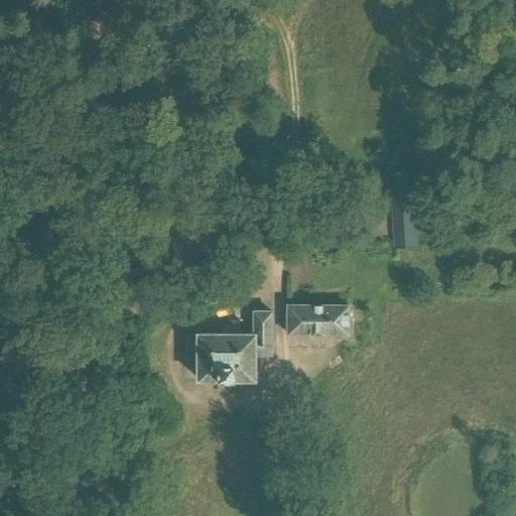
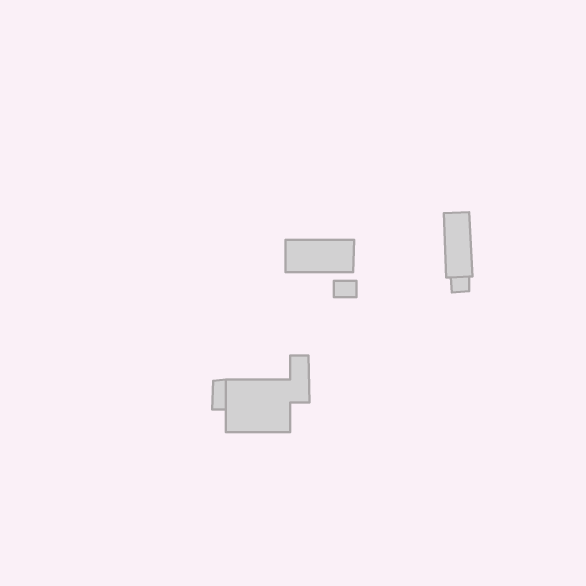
building: [288,305,349,334] -> [285,240,354,272]

